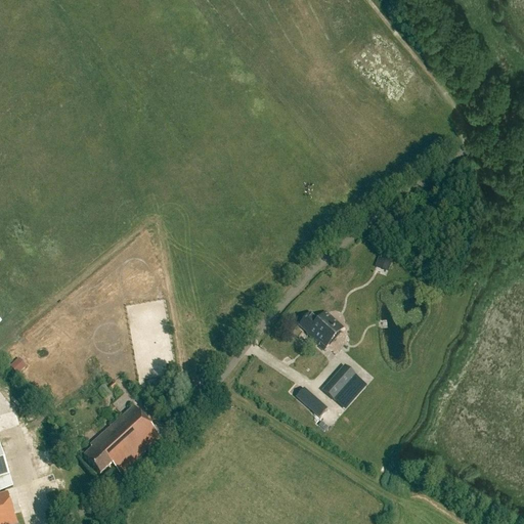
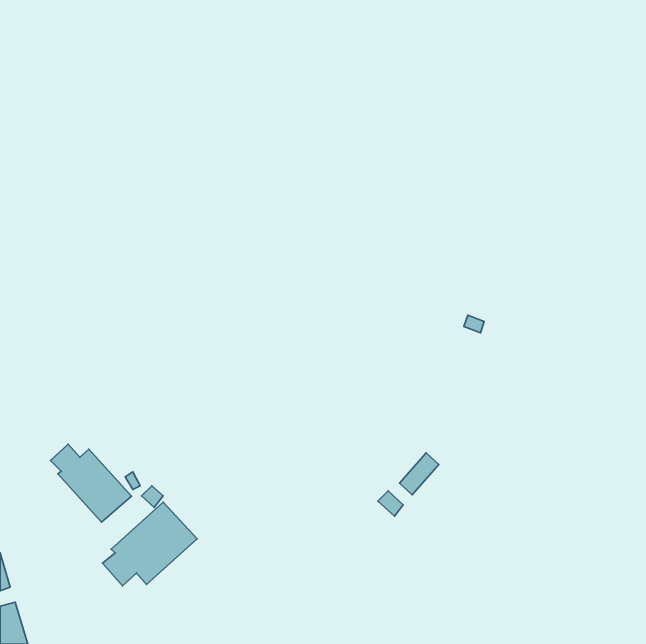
building: [299,312,343,347] -> none
building: none -> [50,444,131,522]

